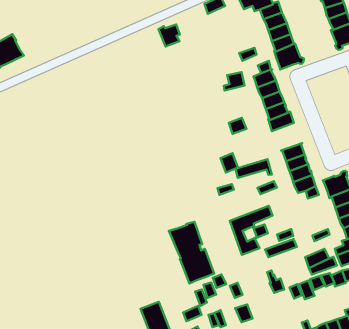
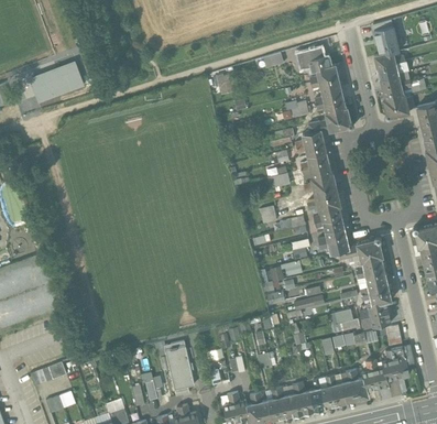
building: none -> [313,184,340,210]
building: [169,222,214,283] -> none

